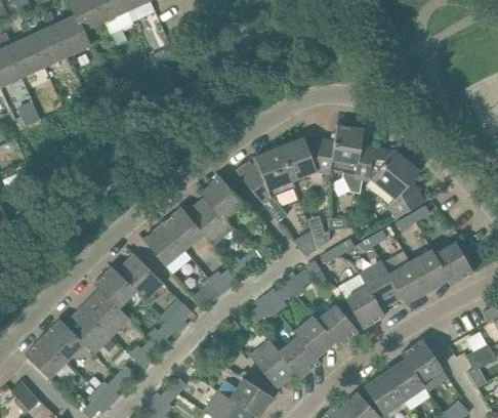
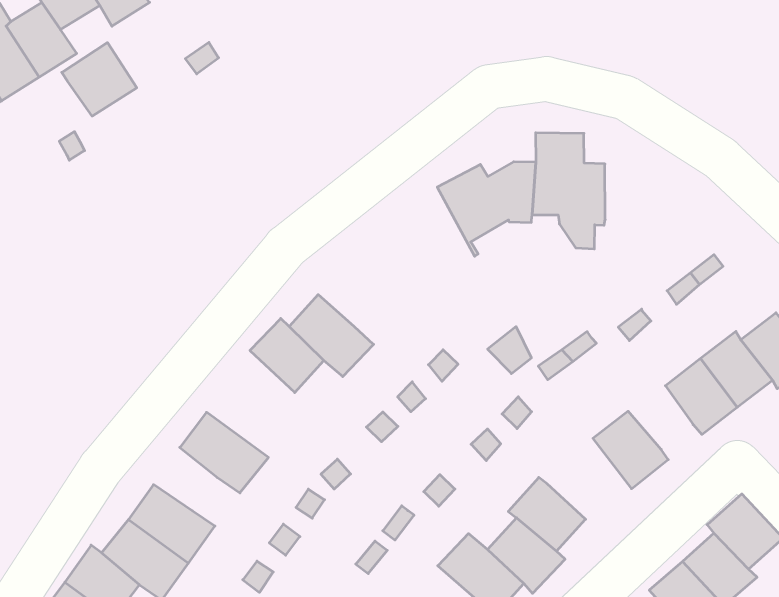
building: none -> [62,43,137,116]
building: [235,148,293,218] -> none
building: [368,148,423,218] -> none
building: [199,176,241,218] -> none
building: [142,223,183,265] -> none
building: [359,261,401,309] -> none
building: [93,266,134,307] -> none
building: [316,303,358,347] -> none

